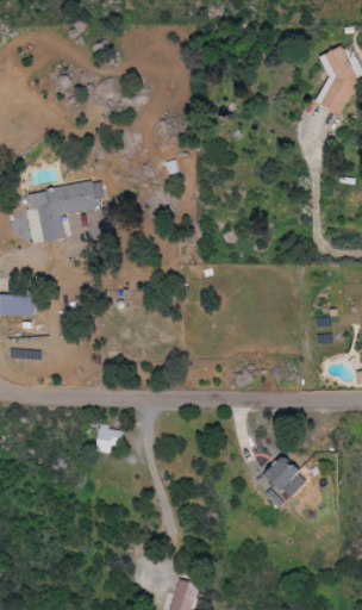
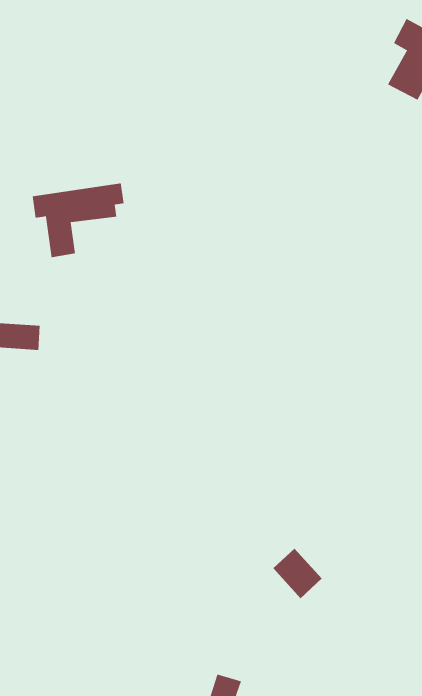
building: [96,427,123,453] -> none
building: [267,456,307,498] -> [273,548,322,599]

